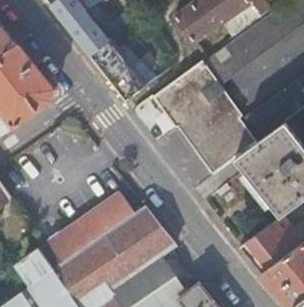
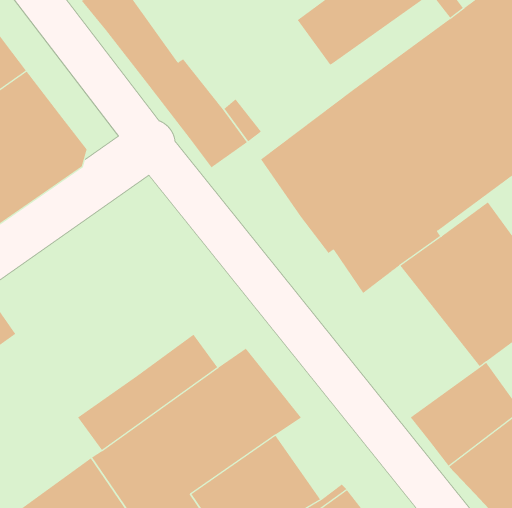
building: [17,246,62,287] -> none

